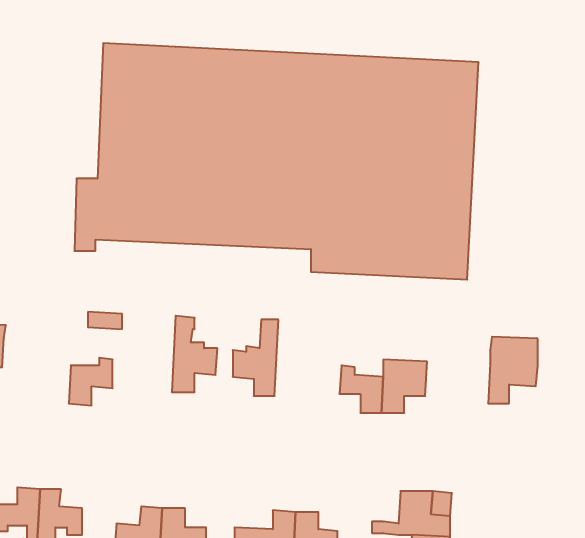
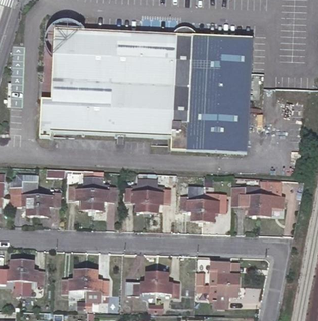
building: none -> [69,170,94,210]
building: none -> [146,172,169,212]
building: none -> [9,174,39,216]
building: none -> [231,186,260,216]

